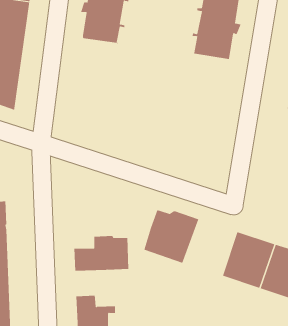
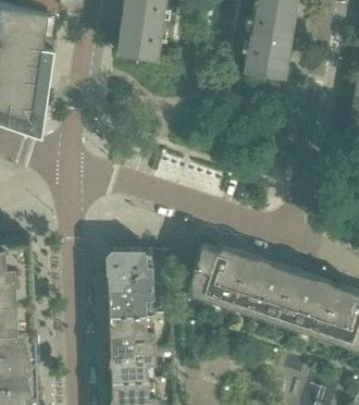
building: none -> [104,249,168,290]
building: none -> [230,257,290,321]
building: none -> [107,315,153,356]

